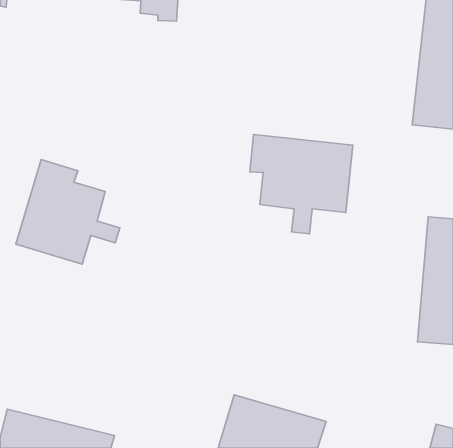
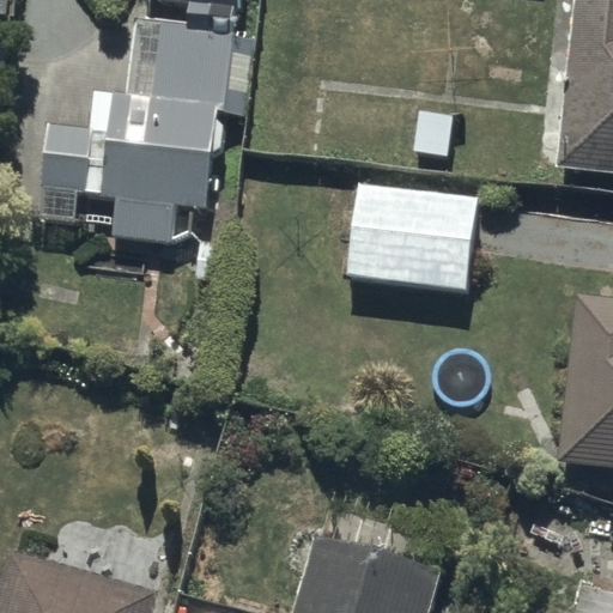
building: none -> [41,22,236,242]
building: [16,160,120,264] -> none

